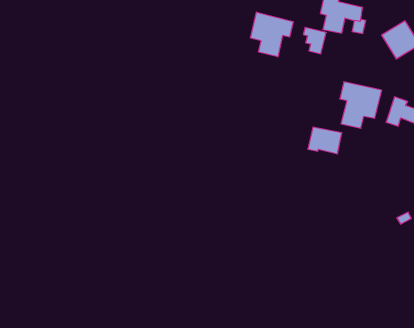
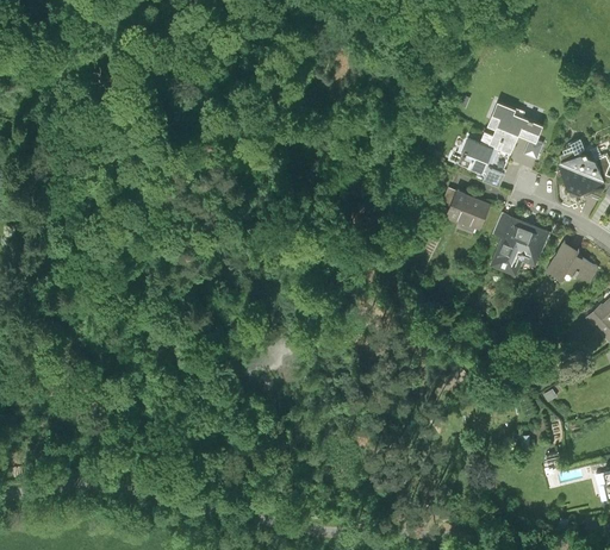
building: [251,12,293,57] -> none
building: [308,127,342,154] -> [444,190,490,229]

